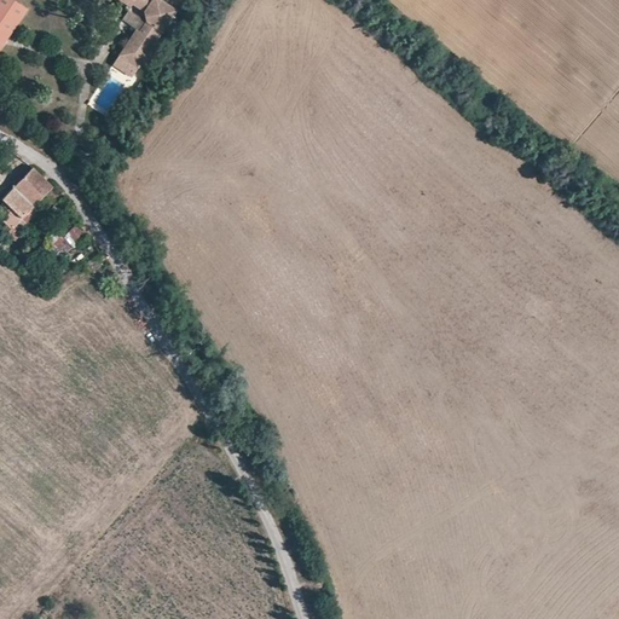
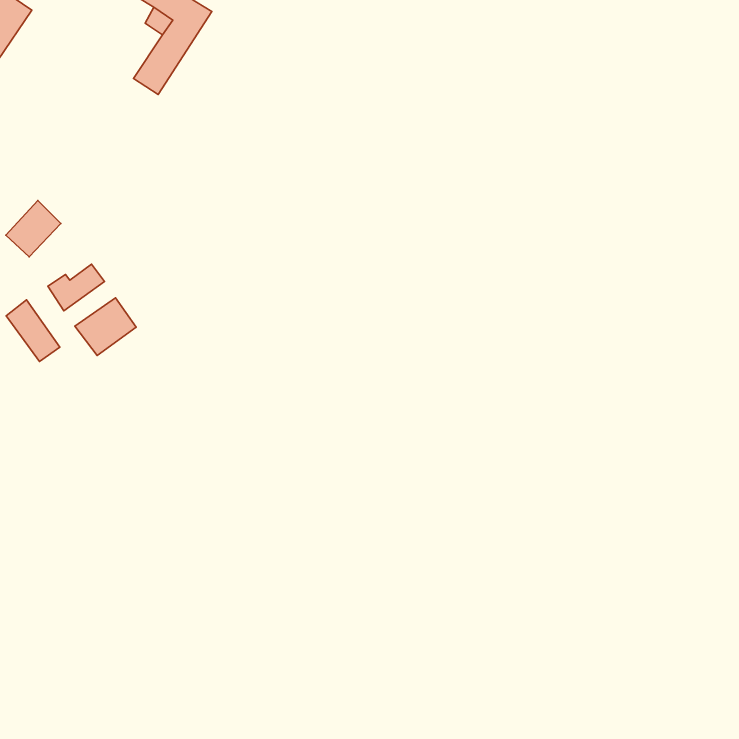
building: none -> [75,298,136,356]
building: none -> [6,300,60,362]

